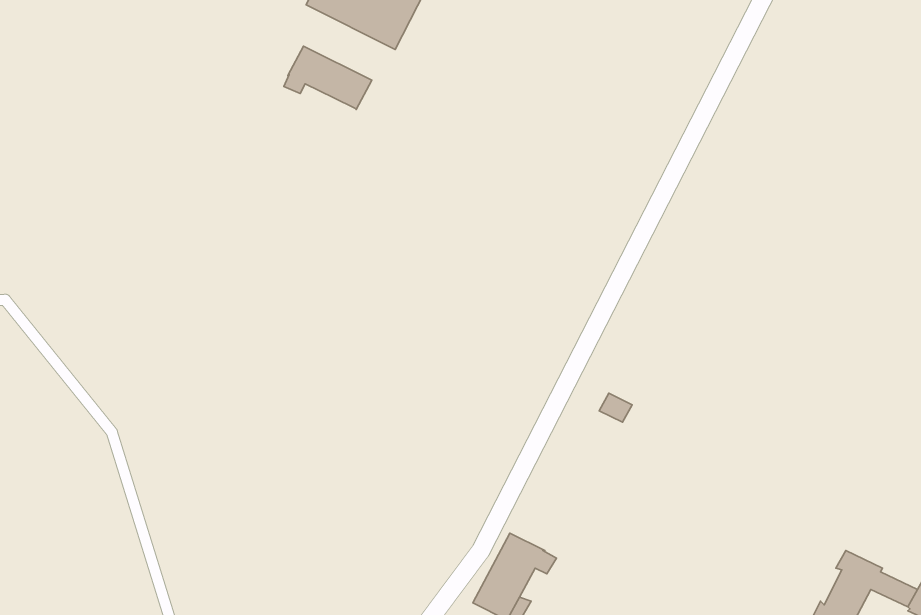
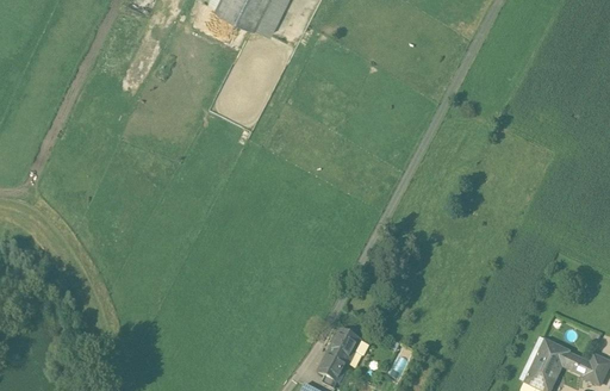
building: [284,46,372,110] -> none

